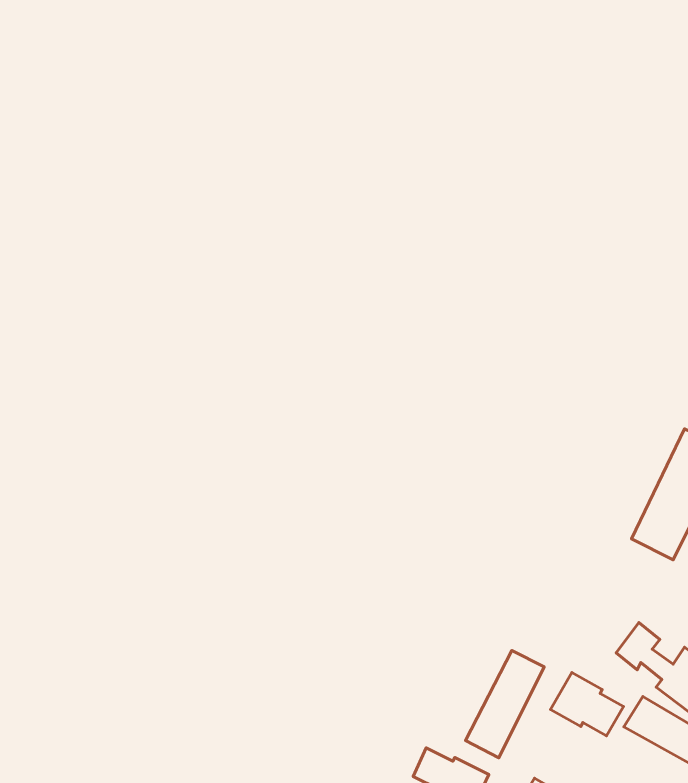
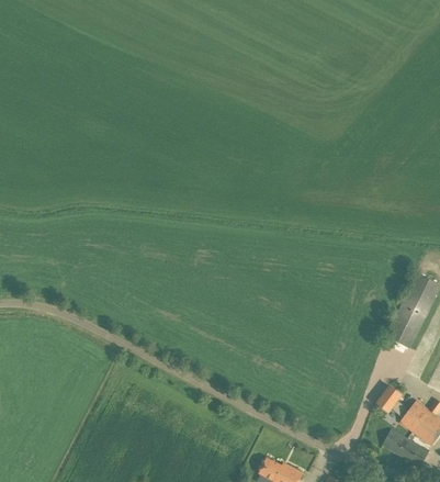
building: [465,650,544,758] -> none
building: [550,673,624,736] -> none

